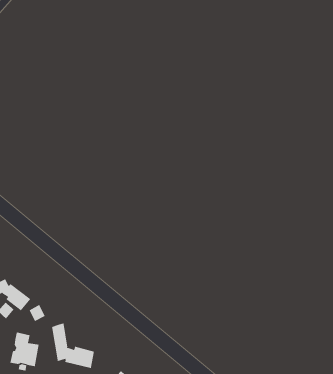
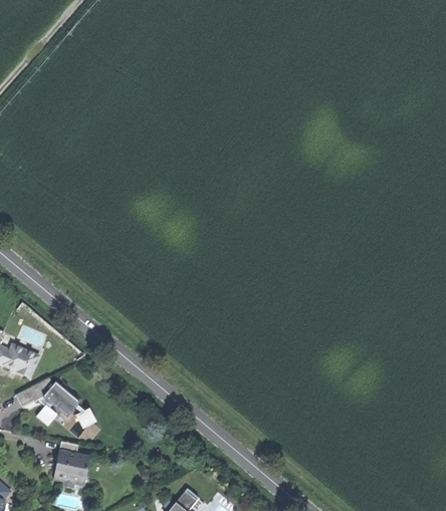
building: [52,323,95,369] -> none

